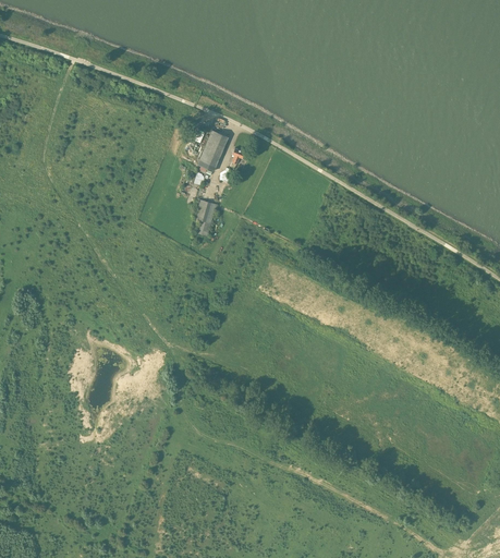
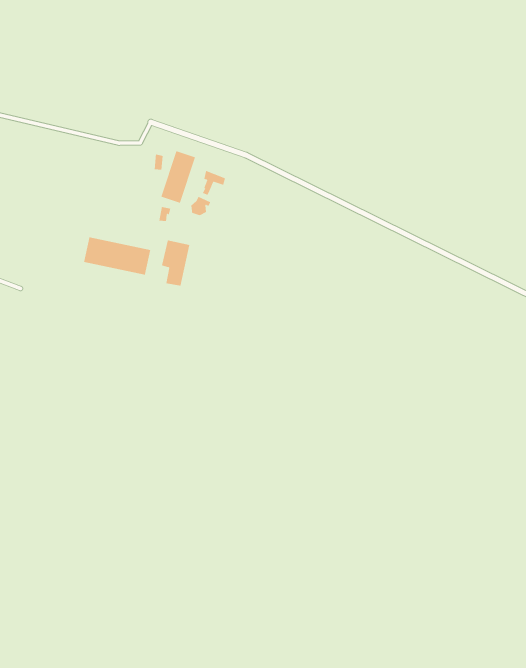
building: none -> [83,237,151,275]

